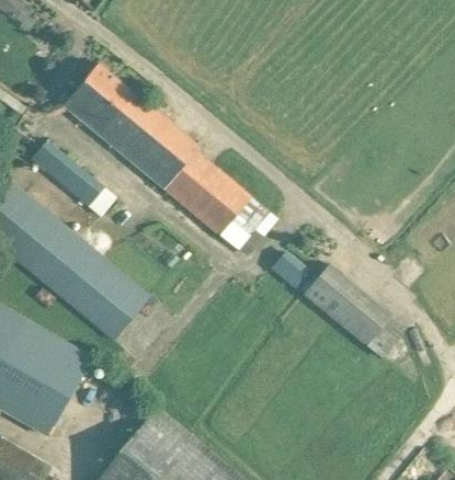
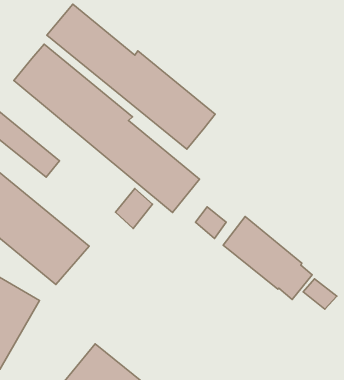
building: none -> [47,4,215,149]
building: none -> [115,189,152,229]
building: none -> [303,279,337,309]

